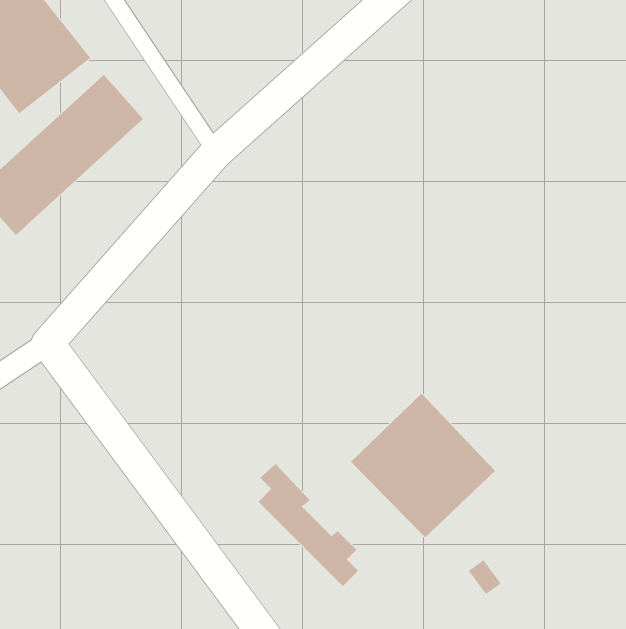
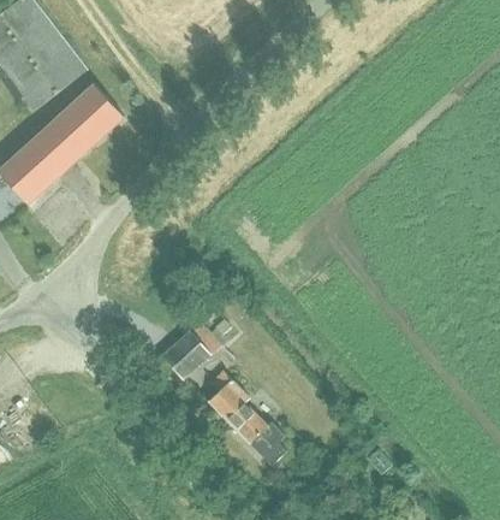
building: [350,393,496,538] -> none
building: none -> [162,324,224,382]

